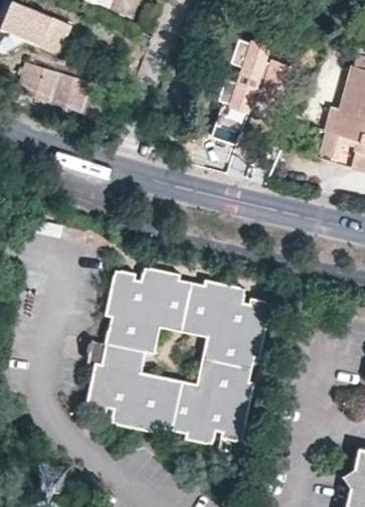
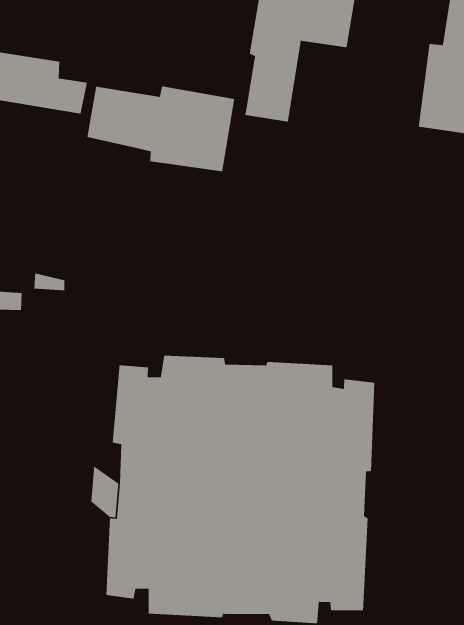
building: none -> [87,85,235,172]

